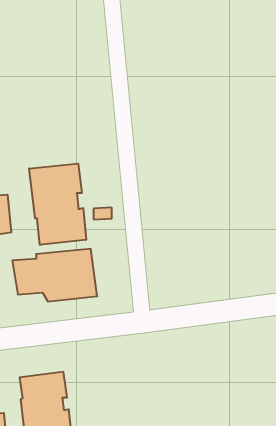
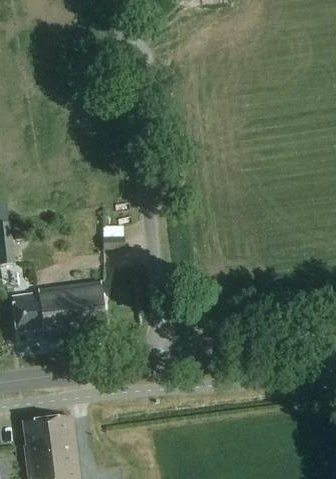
building: [29,164,86,245] -> none

